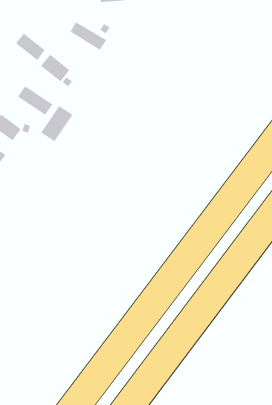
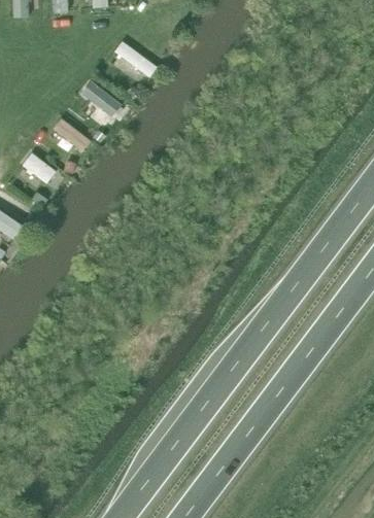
building: [15,33,46,61] -> none
building: [41,105,73,142] -> none

